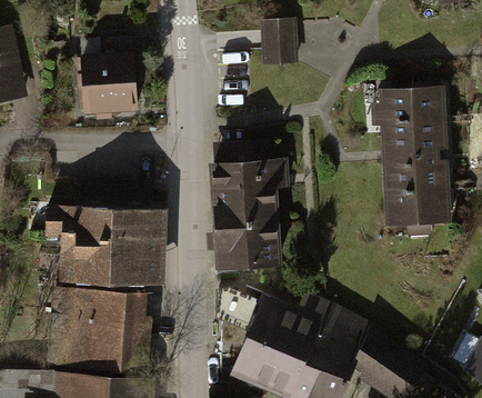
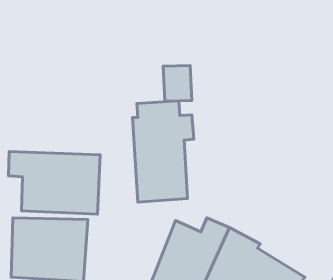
building: [261,20,298,66] -> [163,65,192,101]
building: [80,38,134,111] -> none
building: [378,86,453,226] -> none

